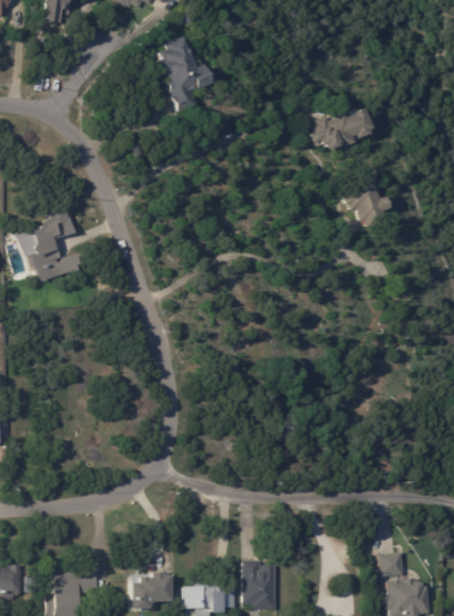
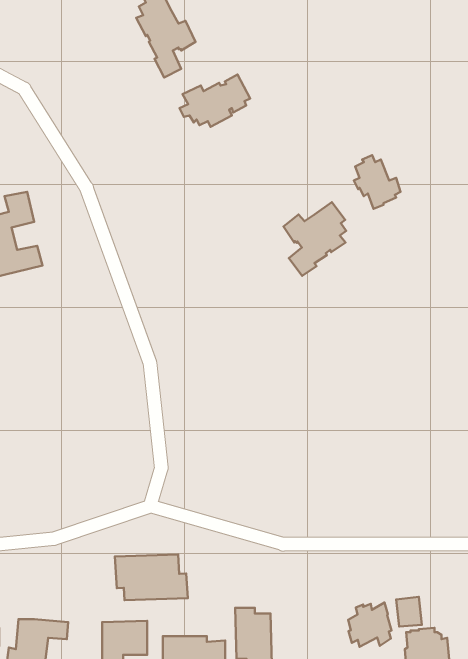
building: [303,105,364,149] -> [180,74,250,127]
building: none -> [283,202,346,276]
building: none -> [115,555,188,600]
building: none -> [348,603,391,647]

